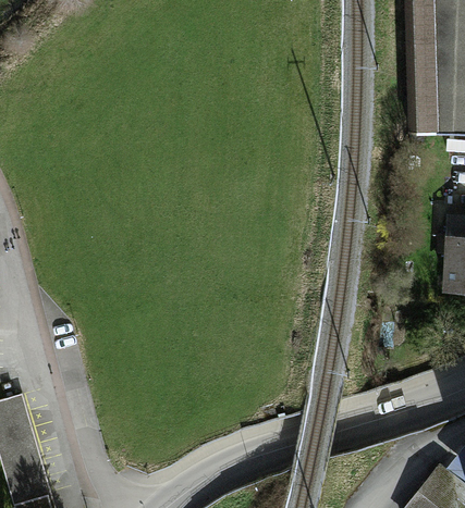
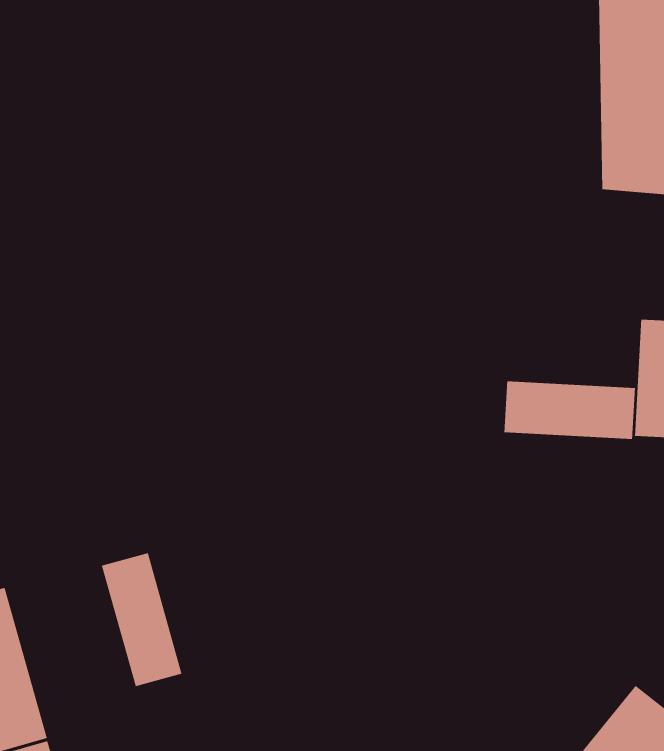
building: none -> [503,380,636,440]
building: none -> [101,552,183,687]

